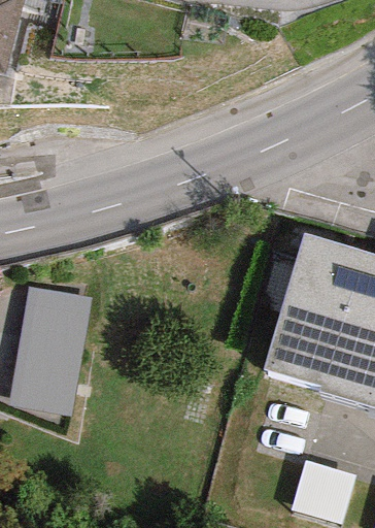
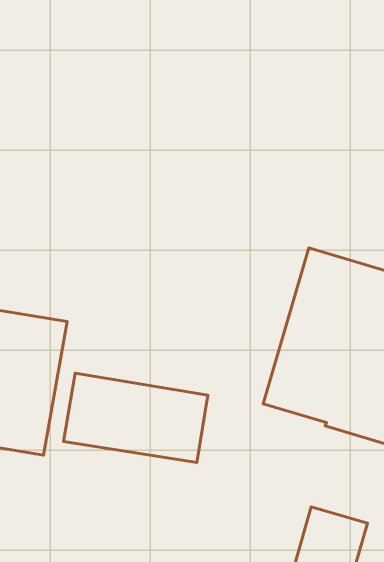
building: none -> [64,373,208,462]

